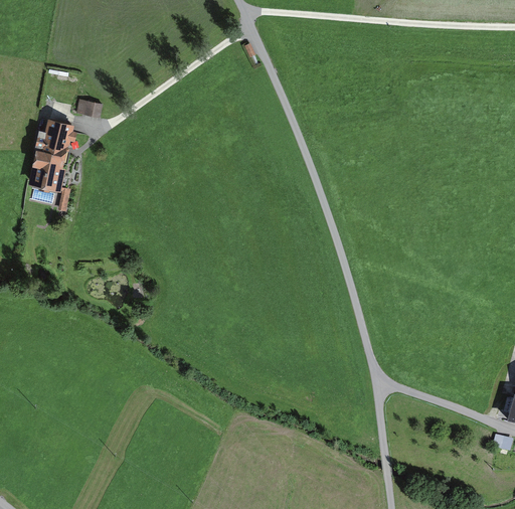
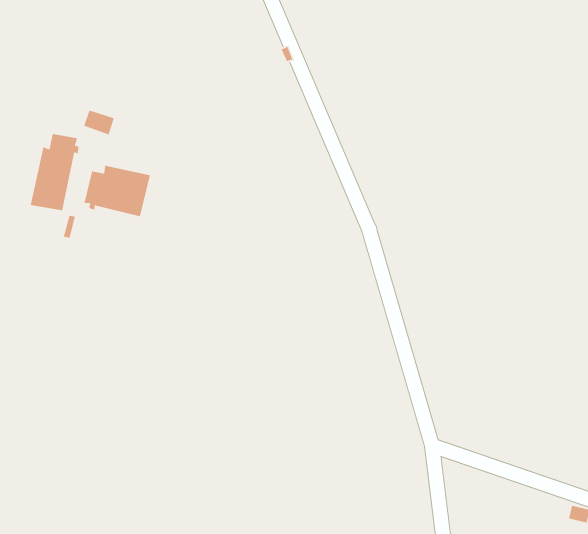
building: none -> [83,165,151,217]

